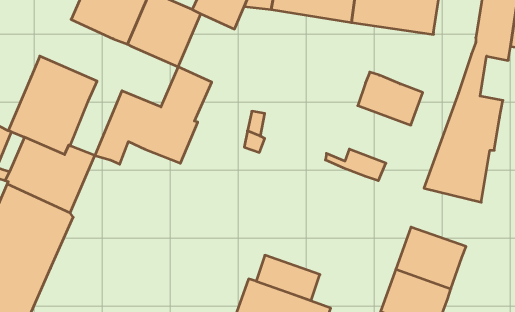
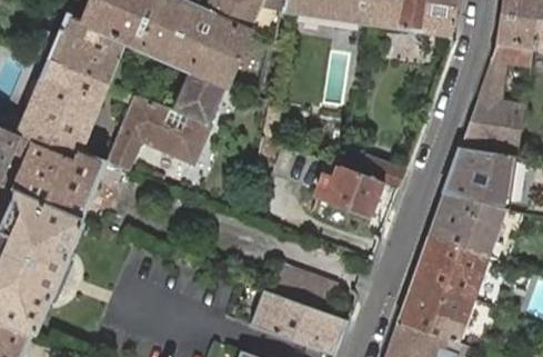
building: none -> [49,14,124,85]
building: none -> [191,16,251,86]
building: [358,72,423,125] -> [316,161,383,216]
building: none -> [430,195,502,255]

